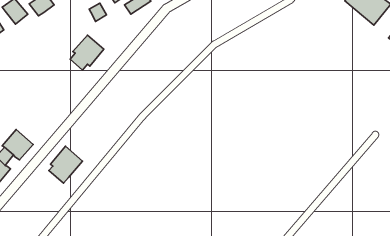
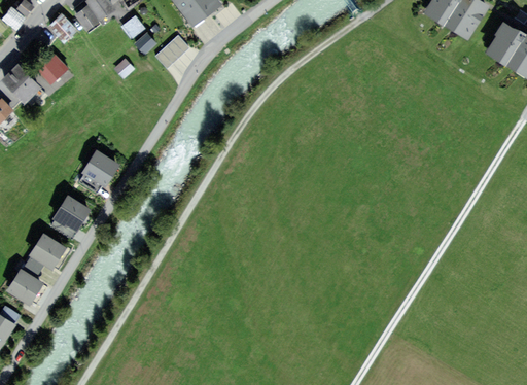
building: [70,35,104,70] -> [79,148,119,192]
building: [49,146,83,183] -> [50,192,91,239]

